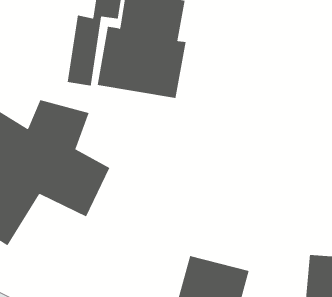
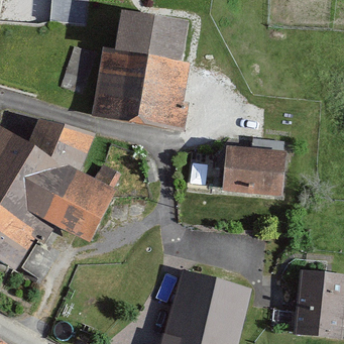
building: none -> [228,152,282,194]

